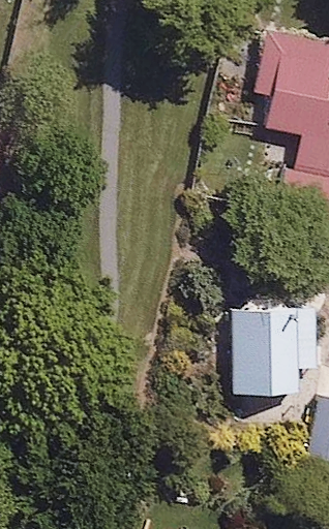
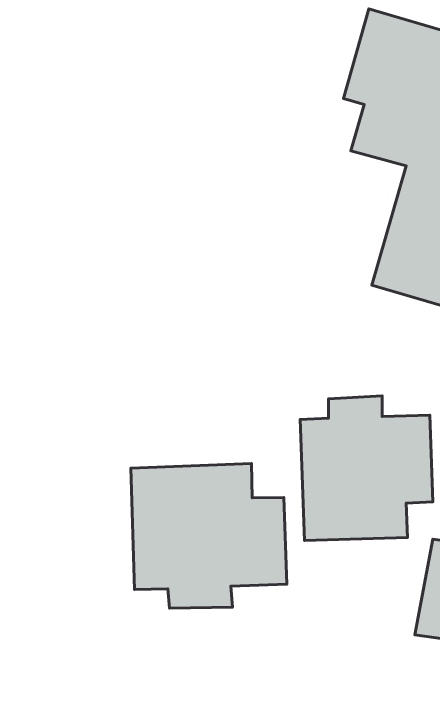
building: none -> [131,464,287,608]

